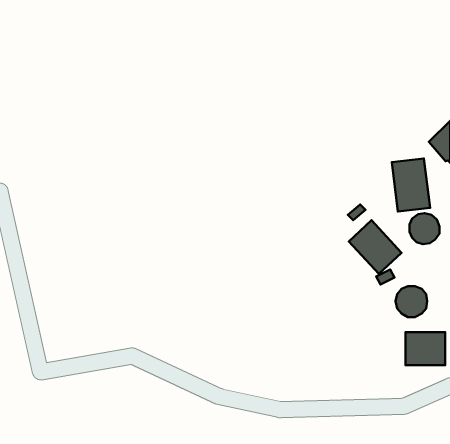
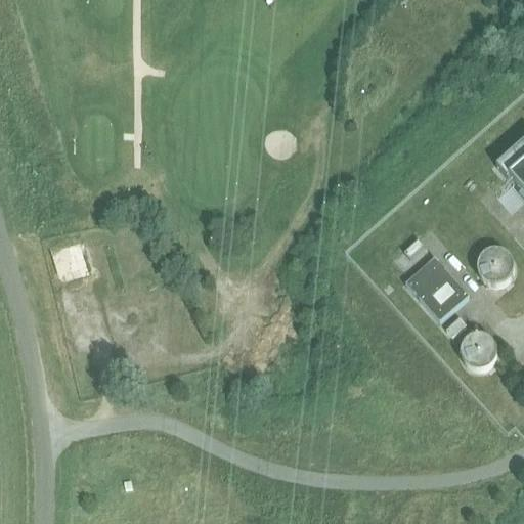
building: [392,158,430,212] -> none
building: [405,332,445,365] -> none

